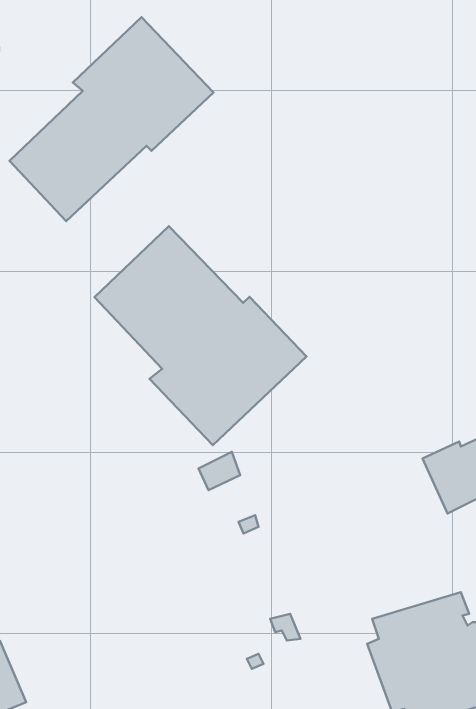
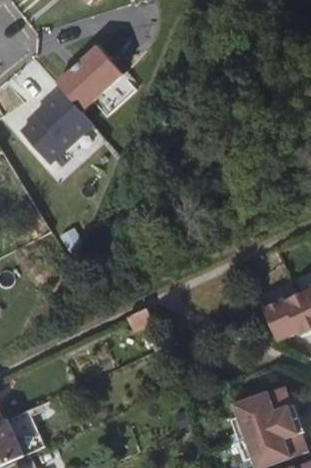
building: [94,226,307,445] -> none

